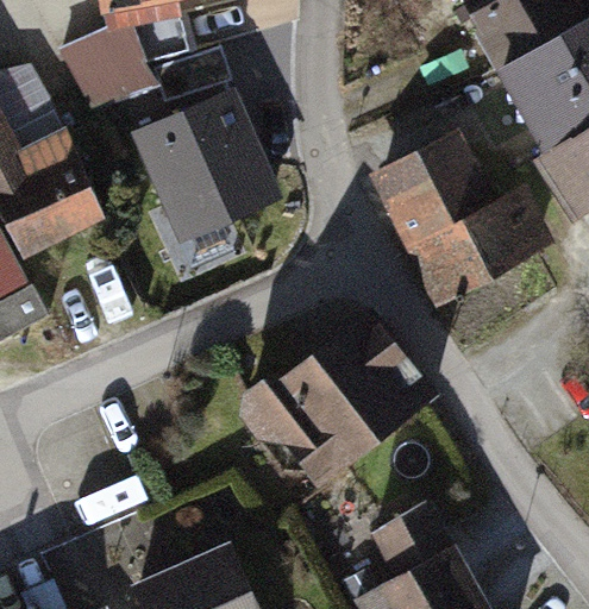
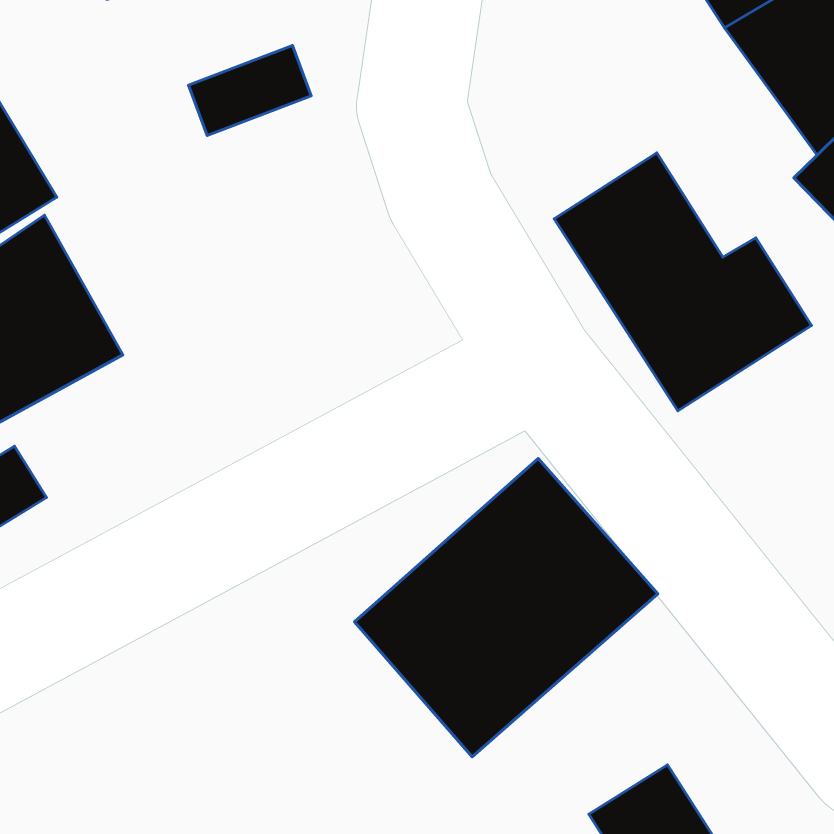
building: [59,32,145,117] -> none
building: [132,83,284,240] -> none

